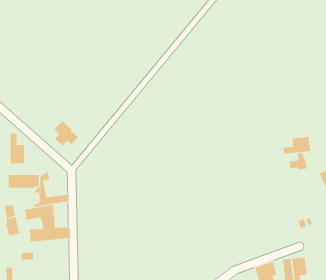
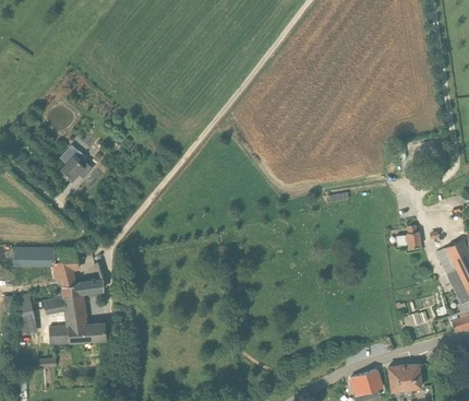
building: [53,120,79,146] -> [60,144,94,179]
building: [10,133,25,164] -> none
building: [283,136,311,154] -> none

